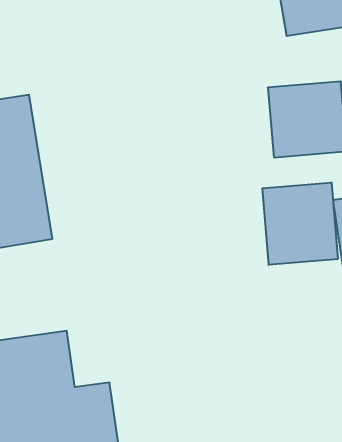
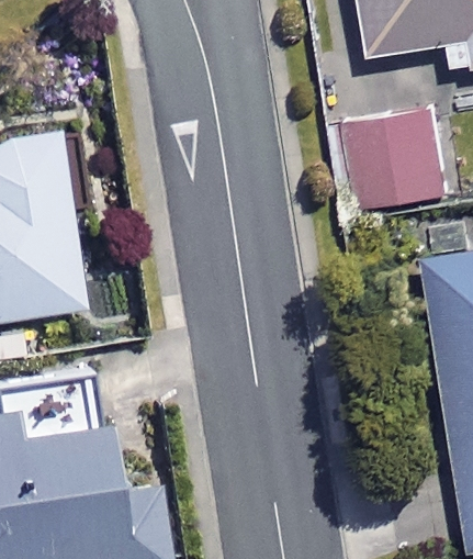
building: [262,182,338,265] -> none

